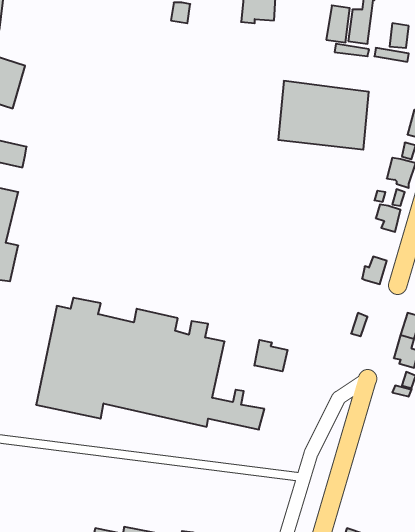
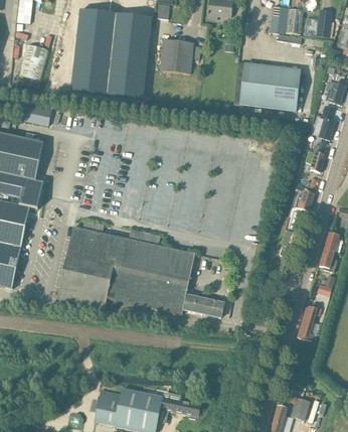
building: none -> [69,9,151,99]
building: none -> [160,38,194,73]
building: [254,340,288,371] -> none
building: none -> [298,301,322,339]

